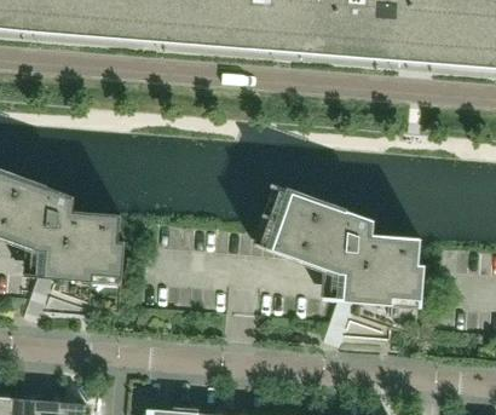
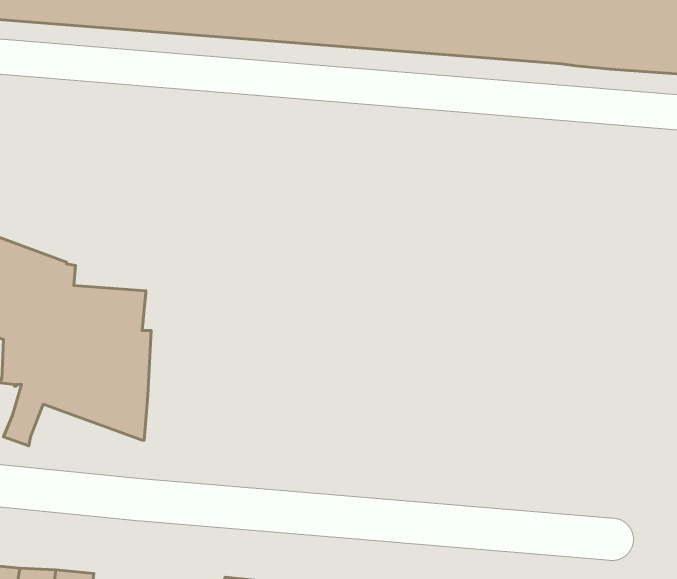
building: [255,184,427,342] -> none

